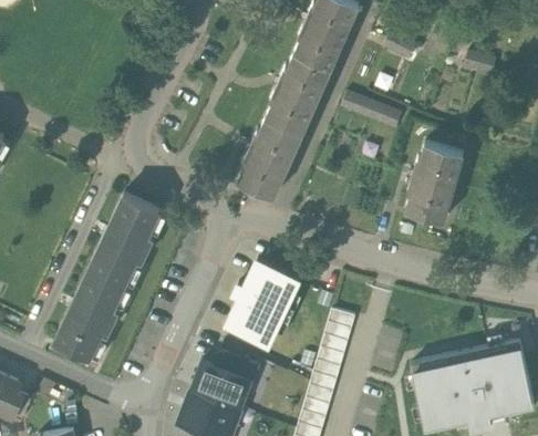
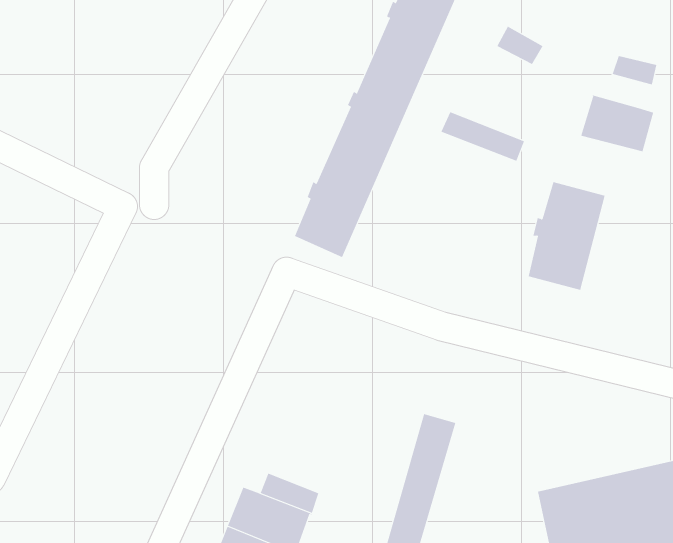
building: none -> [581,95,654,152]
building: [55,199,155,357] -> none
building: [226,260,300,349] -> none

